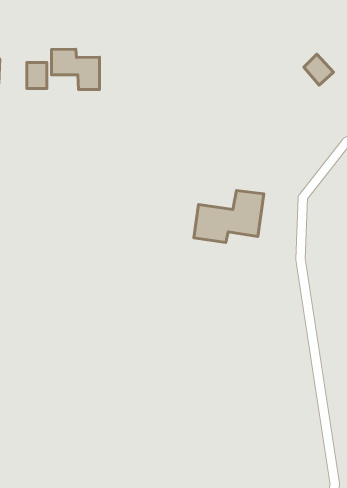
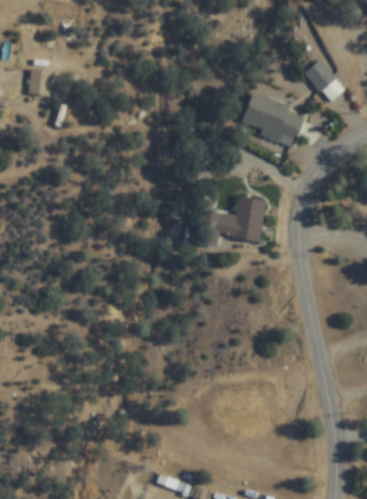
building: [51,49,99,90] -> none
building: none -> [242,96,305,143]

